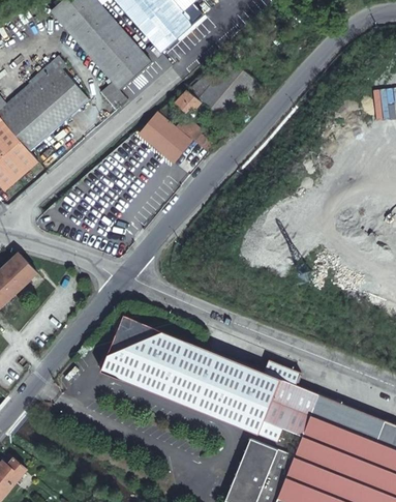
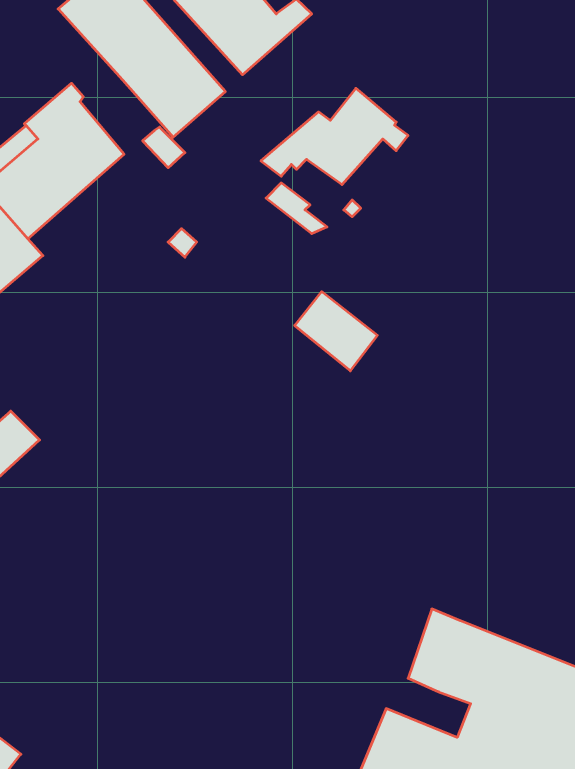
building: [141,114,191,163] -> [295,292,377,371]
building: [96,316,299,442] -> none

